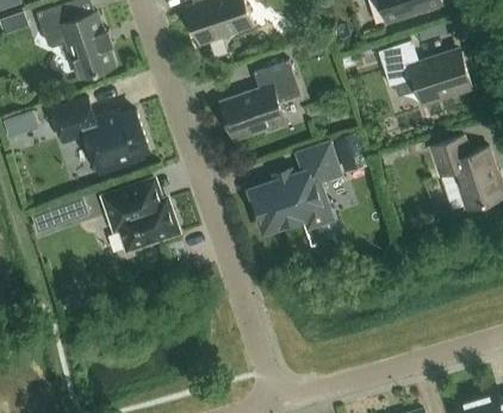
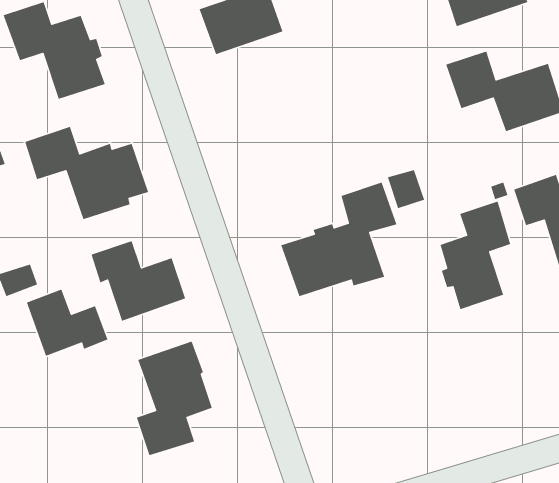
building: [221,61,300,140] -> none
building: none -> [439,201,511,310]
building: none -> [26,288,109,357]
building: none -> [136,341,213,456]

